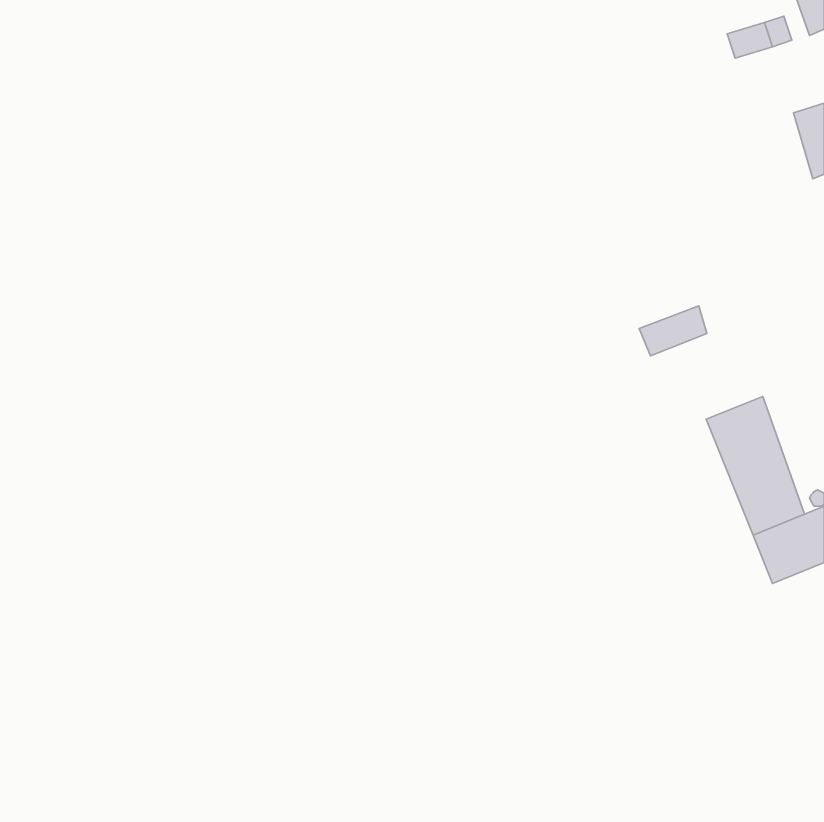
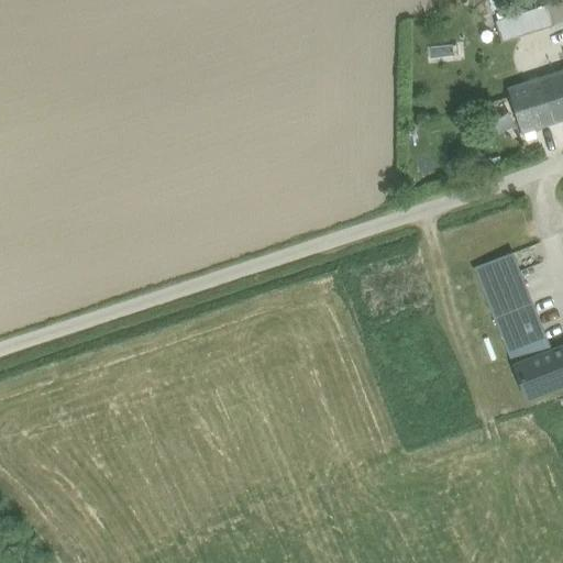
building: none -> [508,77,554,132]
building: [639,306,707,356] -> [474,252,520,286]

